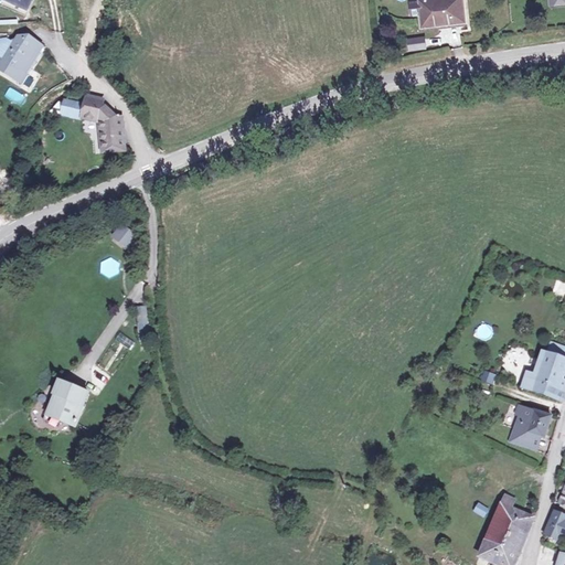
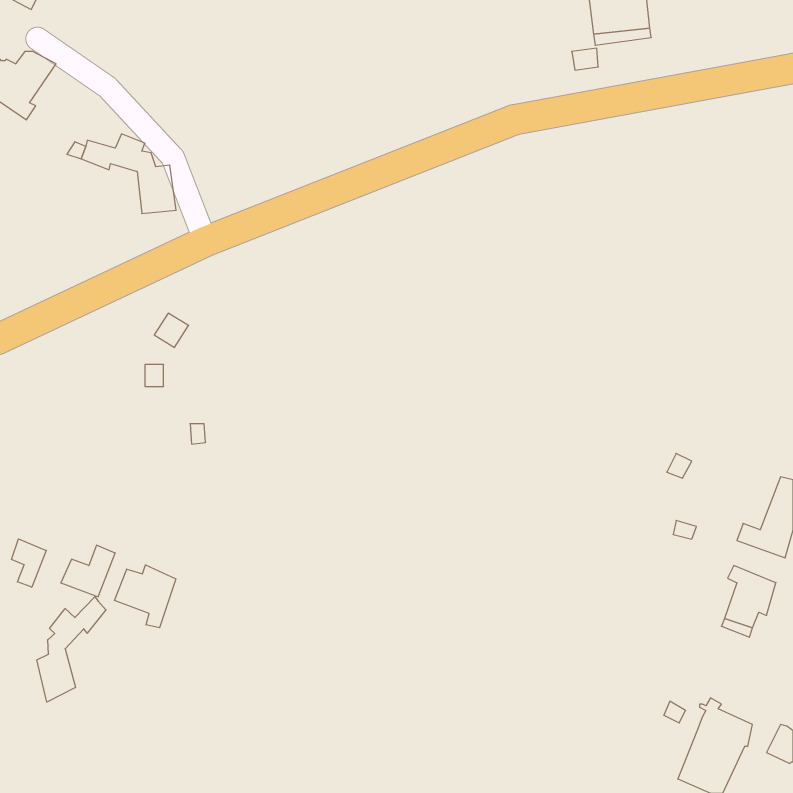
building: none -> [12,539,46,587]
building: none -> [114,565,176,628]
building: none -> [37,597,106,702]

